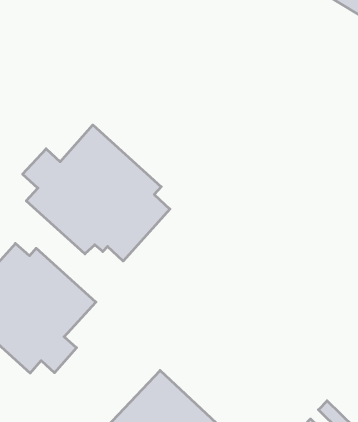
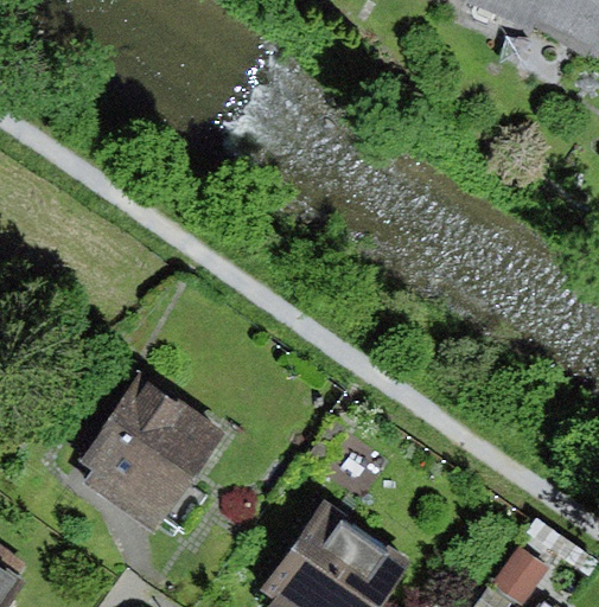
building: [23,125,170,261] -> none

